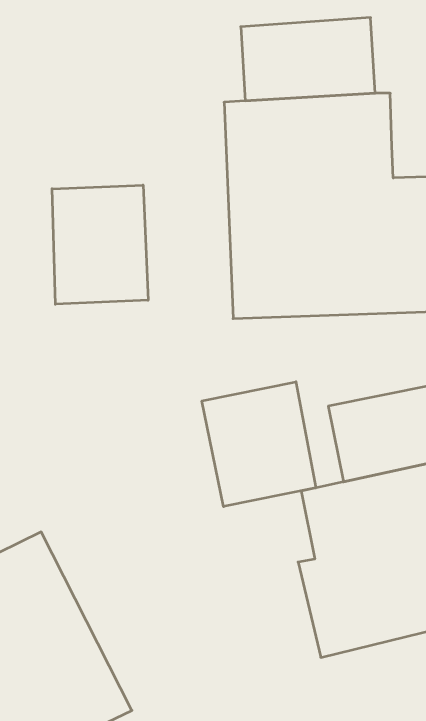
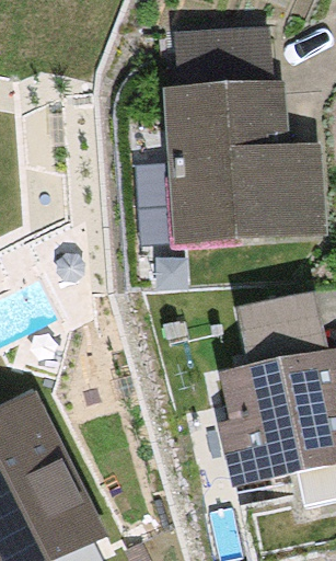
building: [52,185,148,304] -> none
building: [202,382,316,507] -> none

